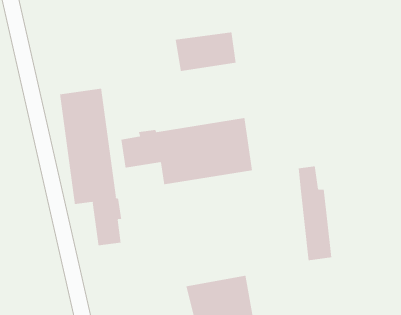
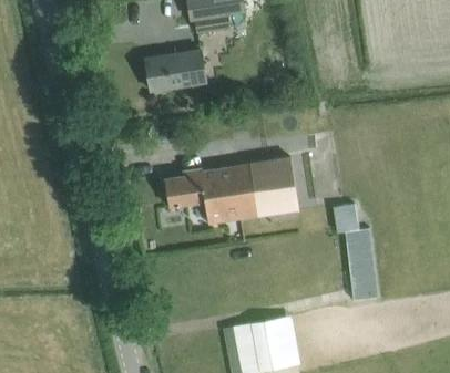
building: [175,32,237,72] -> [144,51,206,91]
building: [60,88,122,246] -> none

